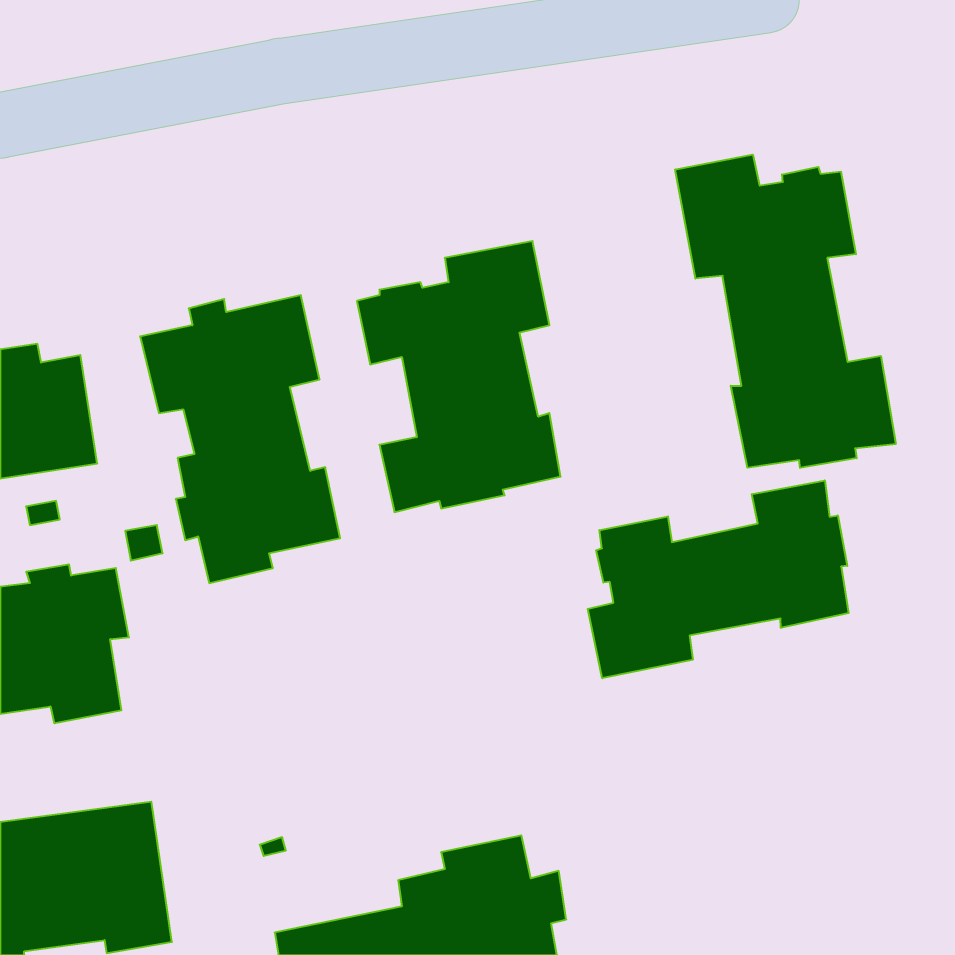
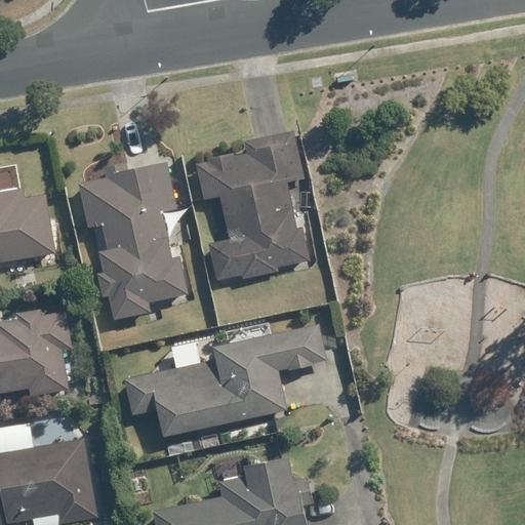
building: [675,155,896,468] -> none
building: [588,480,849,678] -> none
building: none -> [124,324,325,436]

